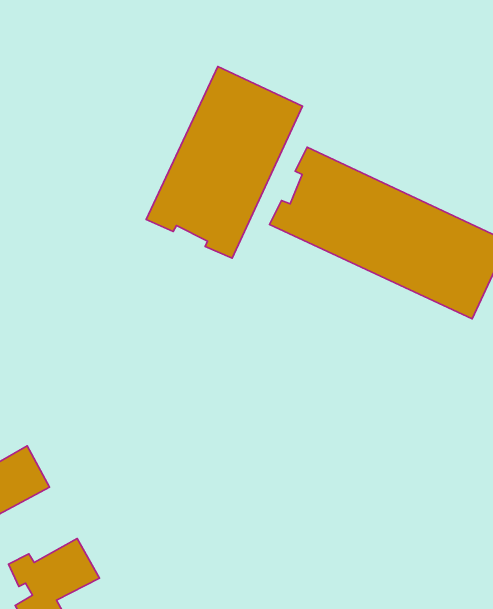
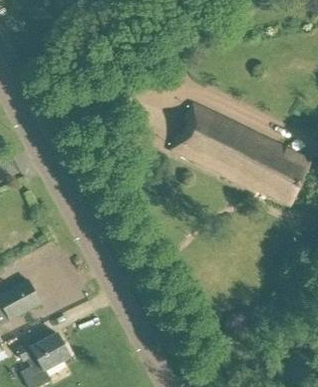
building: [146,67,302,258] -> none

